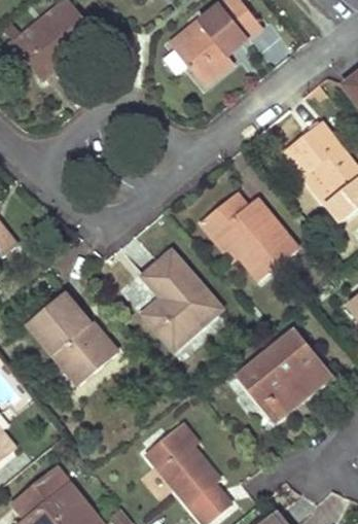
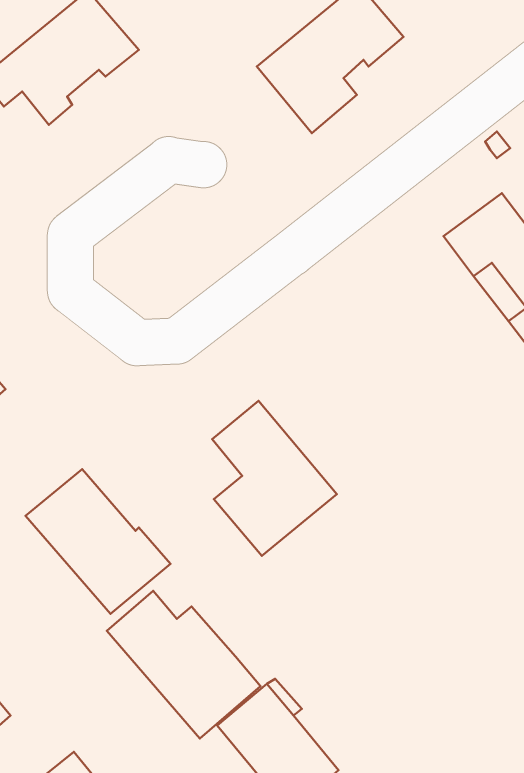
building: [203,194,297,280] -> none
building: [238,329,329,419] -> none
building: none -> [107,591,260,738]

